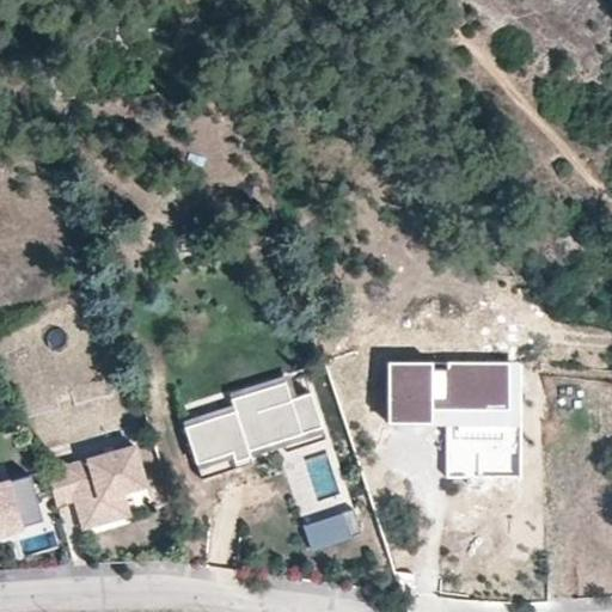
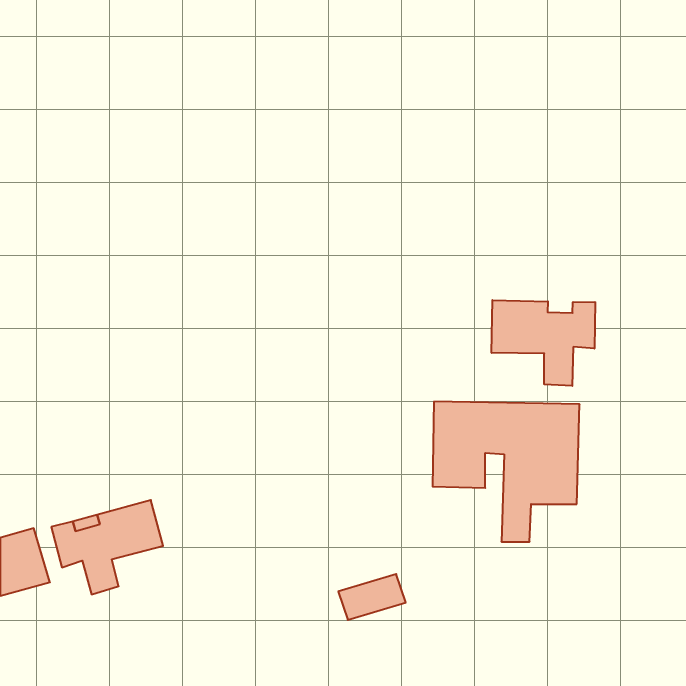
building: none -> [492,300,595,386]
building: [184,381,326,472] -> none

